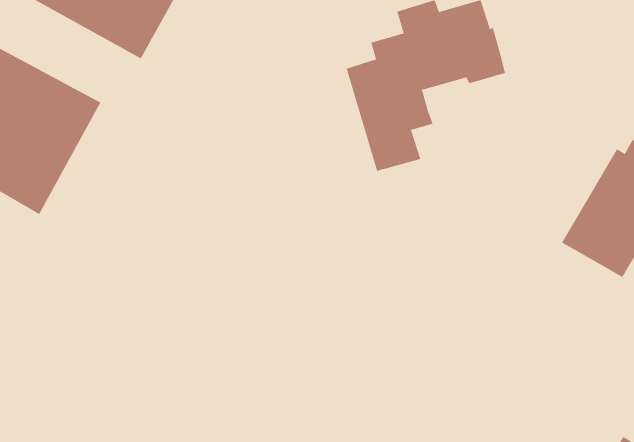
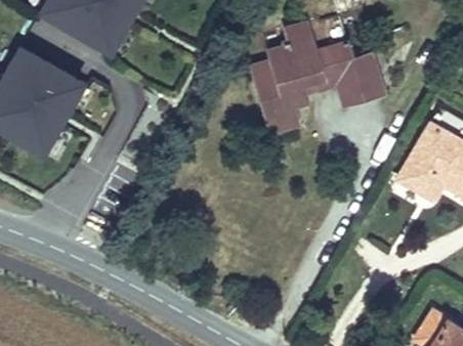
building: none -> [300,51,385,106]

